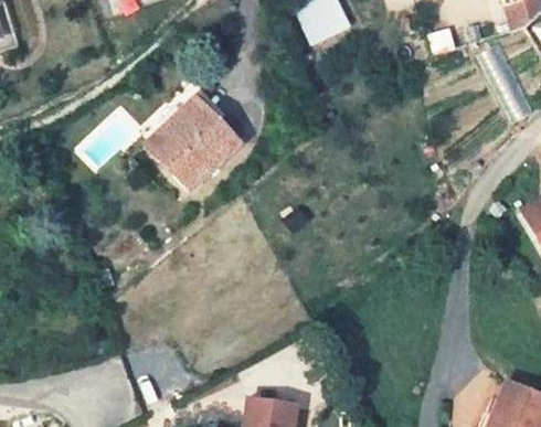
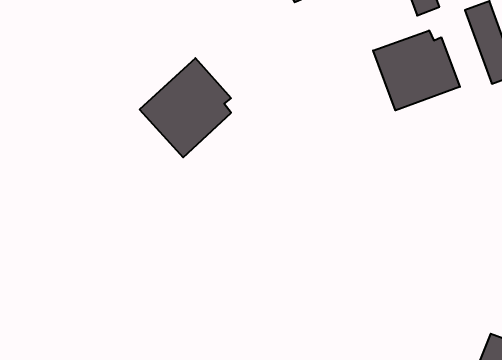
building: none -> [373,30,460,110]

